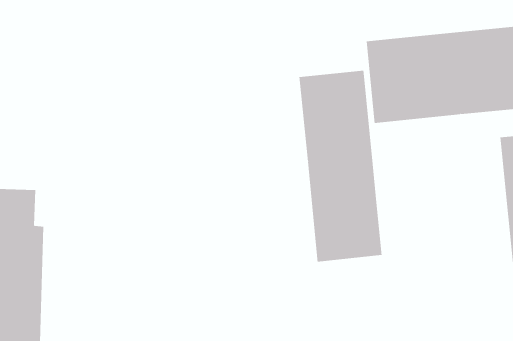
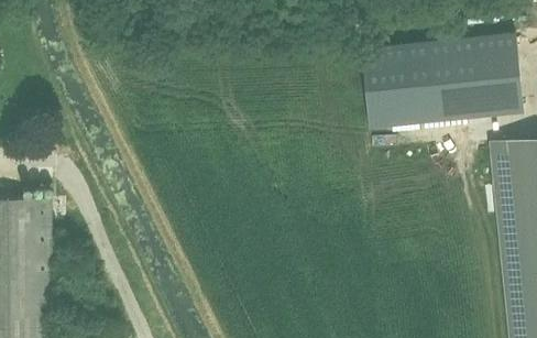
building: [299,70,382,262] -> none

